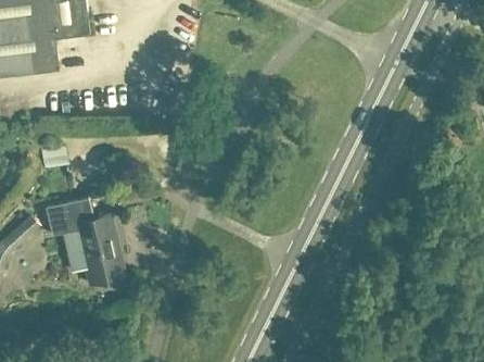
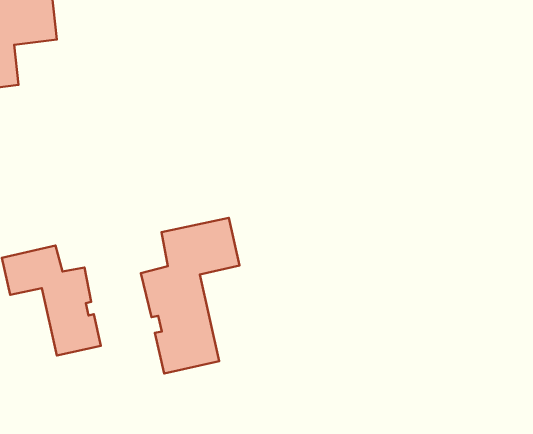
building: none -> [141,218,239,373]

